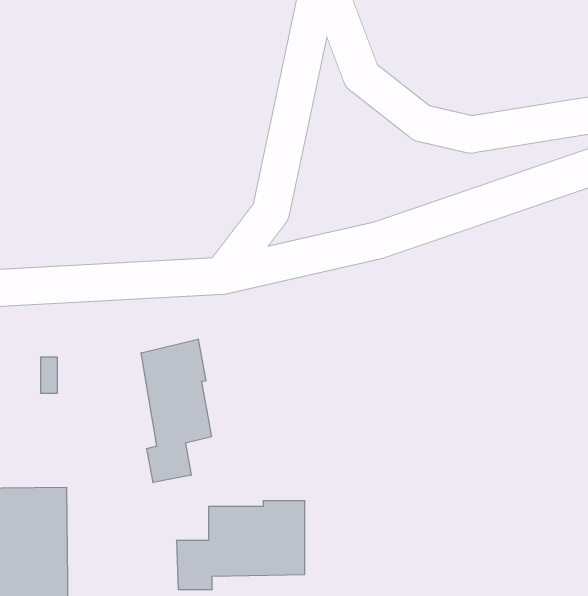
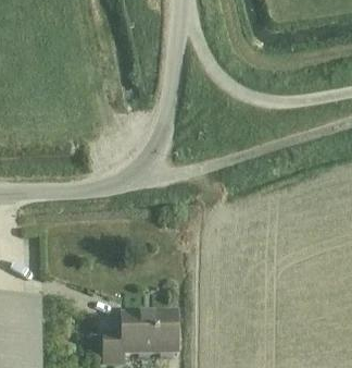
building: [141,339,212,483] -> none

